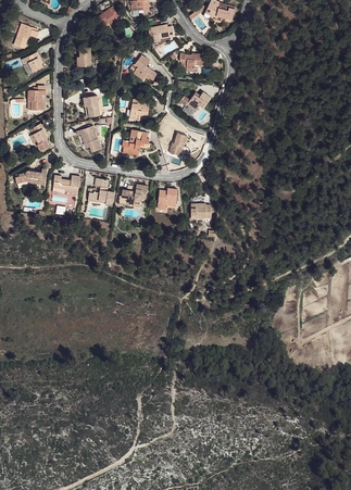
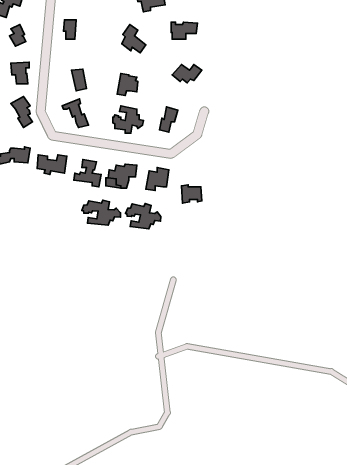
building: none -> [82,200,121,225]
building: none -> [126,203,161,229]

